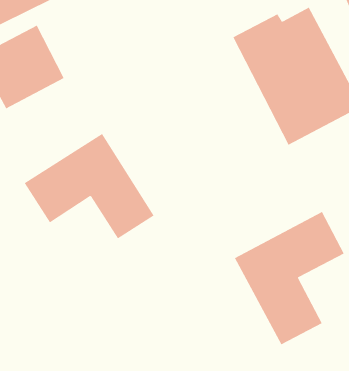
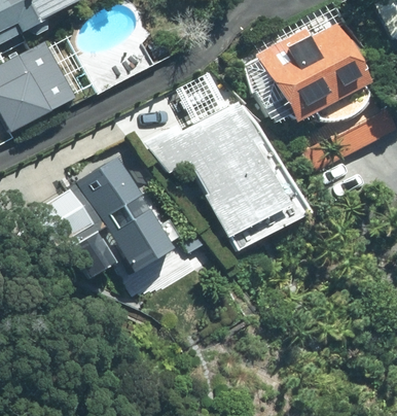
building: none -> [145,100,287,235]
building: [234,211,344,345] -> none

